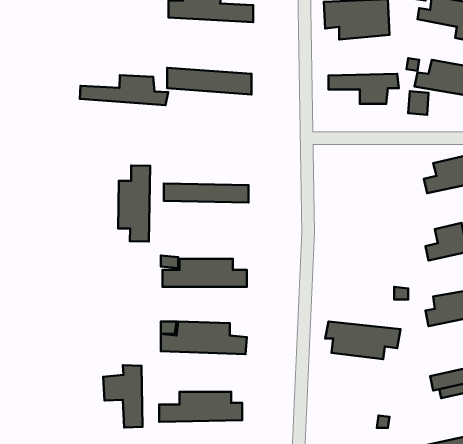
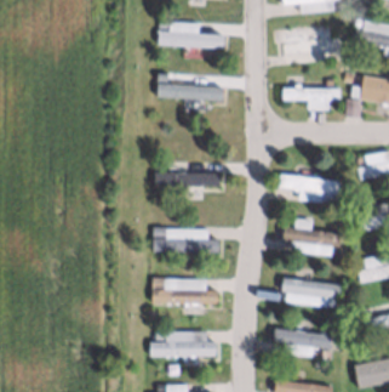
building: [80,75,168,105] -> none
building: [118,166,150,242] -> none
building: none -> [279,174,342,203]
building: none -> [282,217,341,255]
building: [103,365,143,427] -> none
building: none -> [273,328,331,357]

